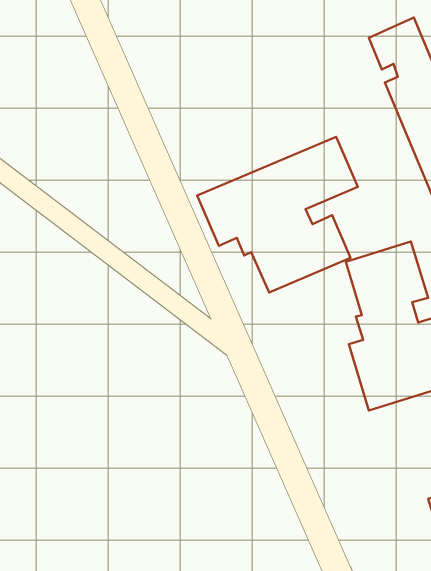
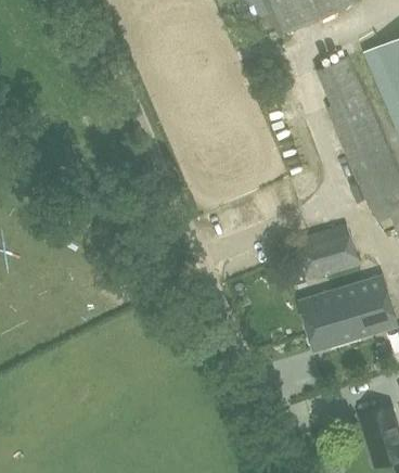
building: [197,137,358,292] -> none

